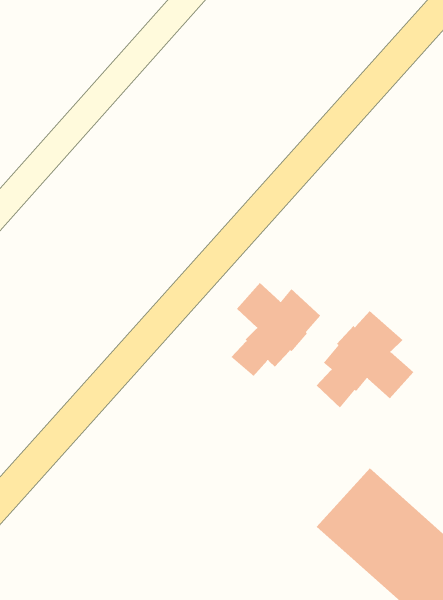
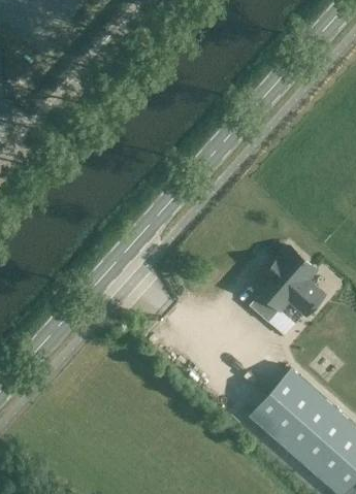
building: [230,282,321,377] -> none

